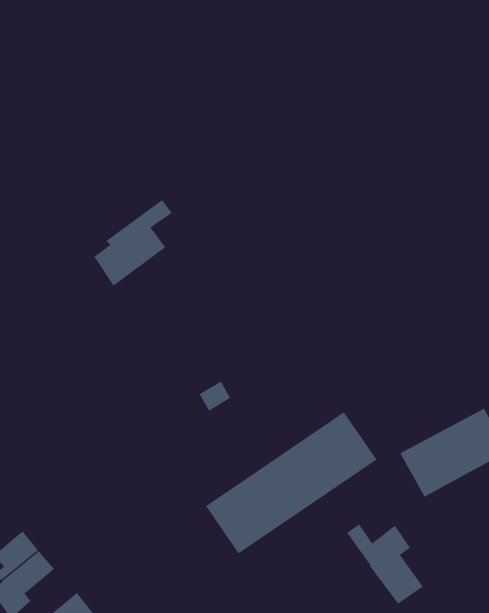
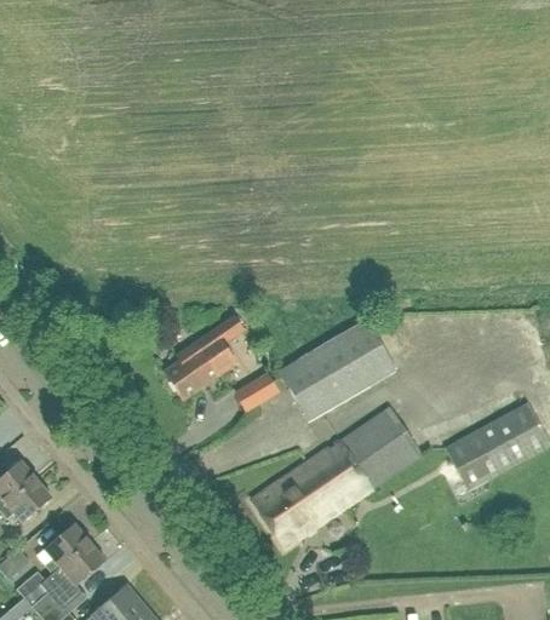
building: [94,199,172,286] -> [164,314,241,400]
building: none -> [279,318,396,421]
building: [347,524,424,604] -> none

